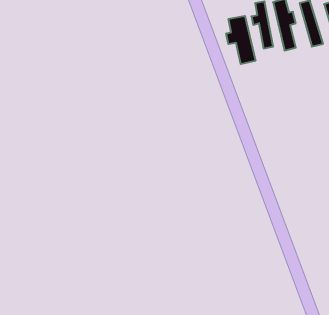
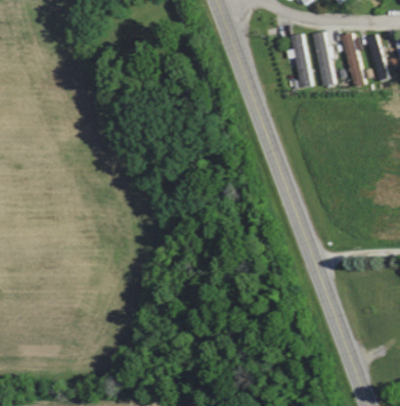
building: [226,16,255,64] -> none

